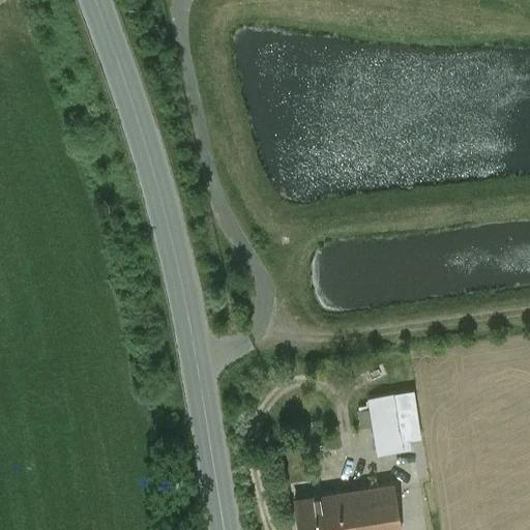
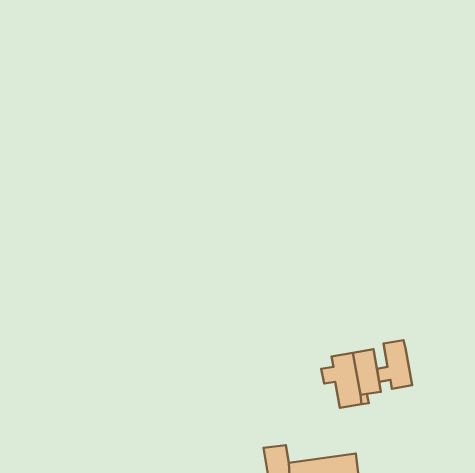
building: none -> [377,340,412,389]
building: [318,487,395,518] -> none

